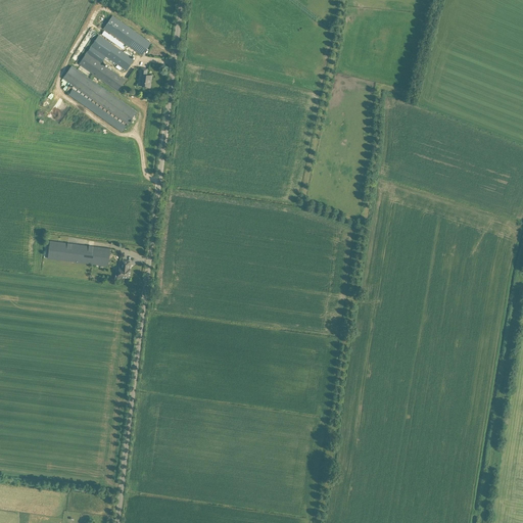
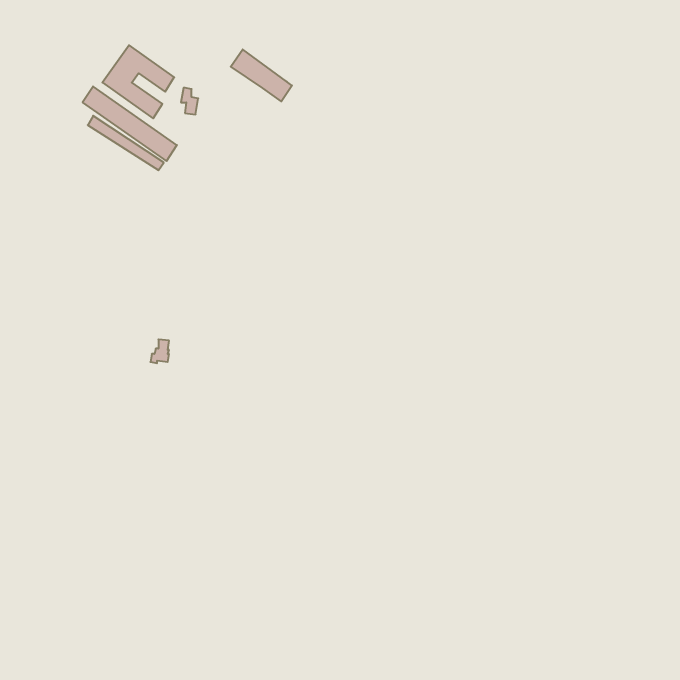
building: [103,15,150,55] -> [231,49,292,101]
building: [48,241,110,266] -> none

